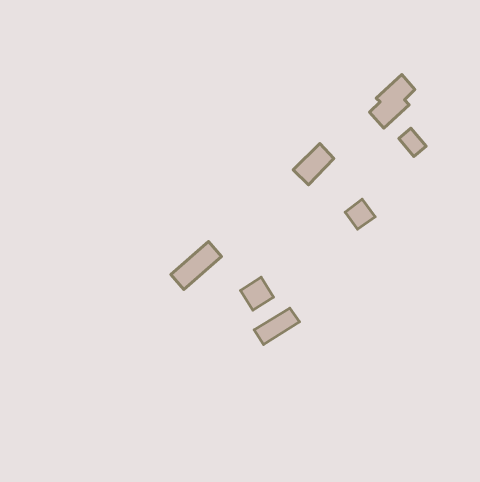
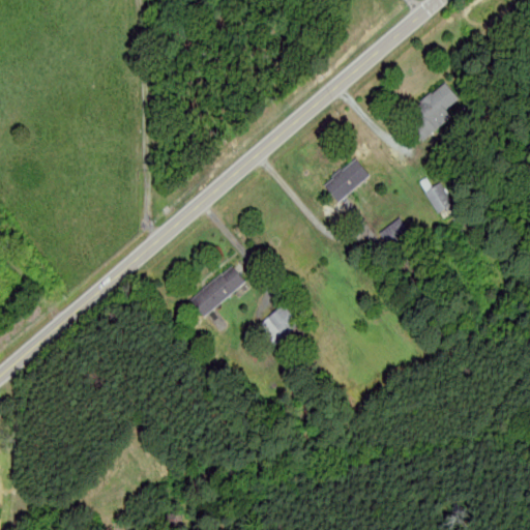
building: [399,128,426,157] -> [424,182,454,213]
building: [254,308,299,345] -> none

